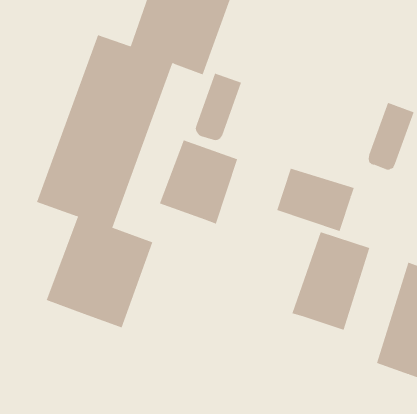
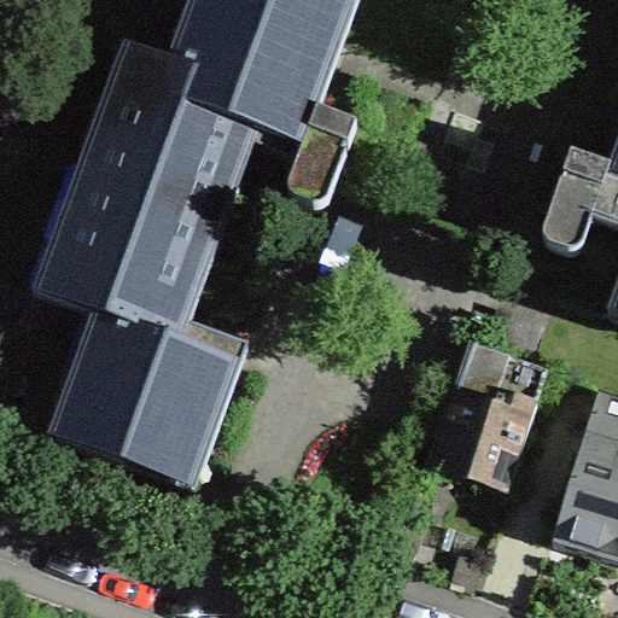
building: [159,140,238,224] -> none
building: [277,168,354,232] -> none

